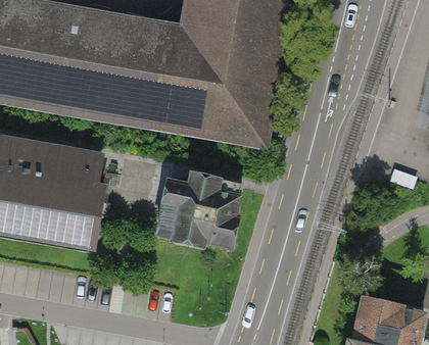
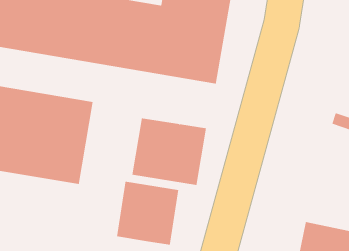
building: none -> [117,181,179,246]

